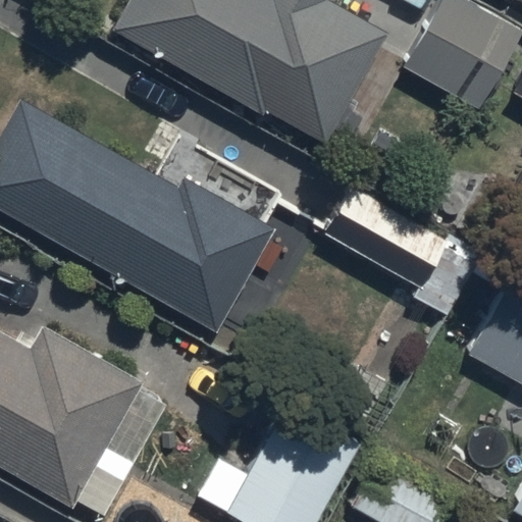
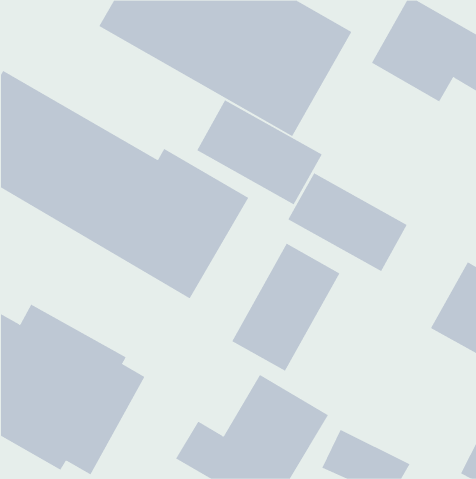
building: none -> [196,100,322,205]
building: none -> [231,243,340,372]

